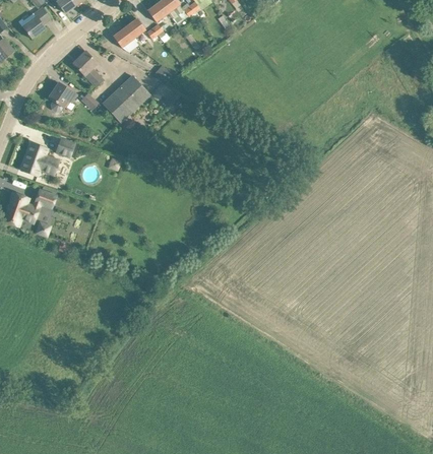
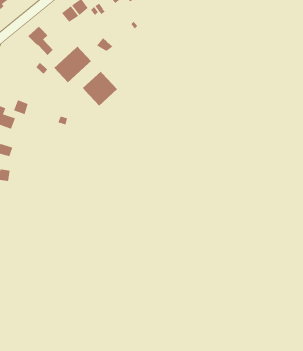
building: [49,82,76,111] -> none
building: none -> [82,71,118,106]

